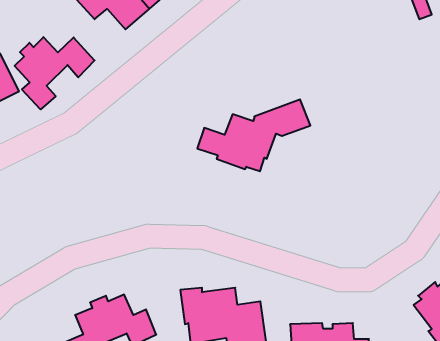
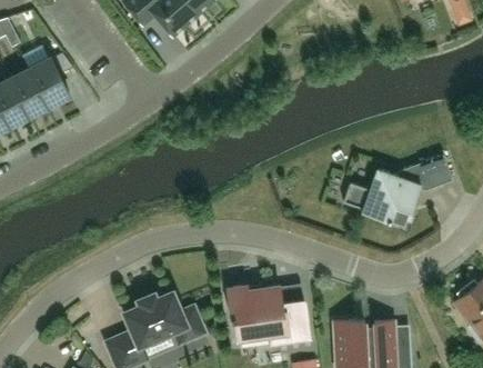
building: [15,37,95,109] -> none
building: [197,99,310,171] -> [343,155,453,225]

